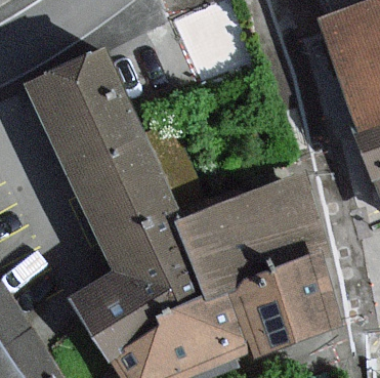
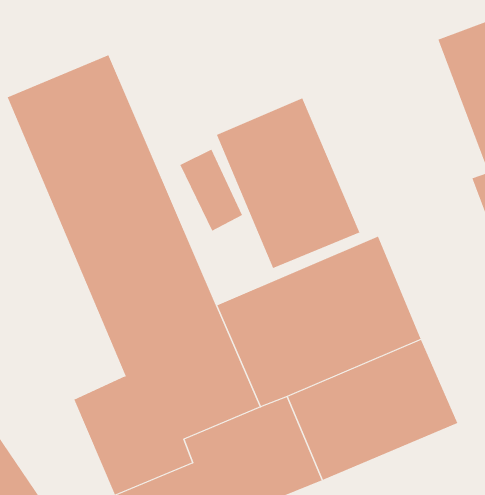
building: none -> [216,97,360,269]

